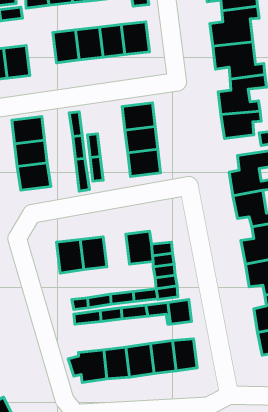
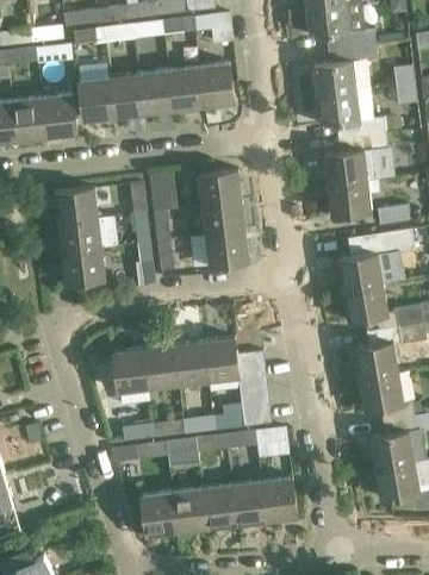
building: none -> [77,77,112,120]
building: none -> [149,173,175,211]
building: none -> [173,340,207,383]

